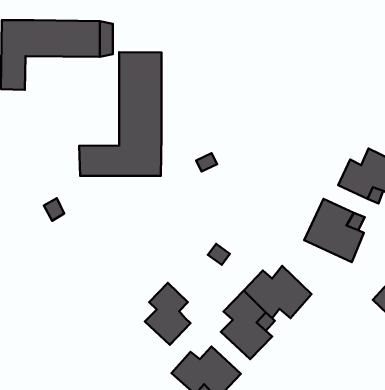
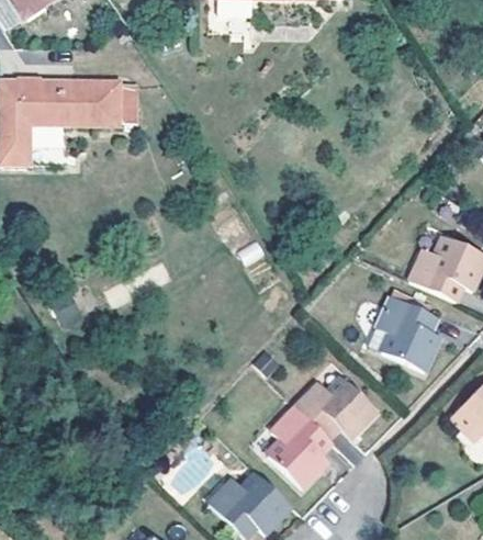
building: [79,52,161,176] -> none
building: [145,283,191,345] -> none

